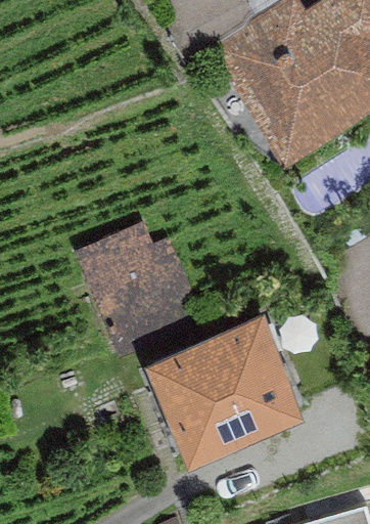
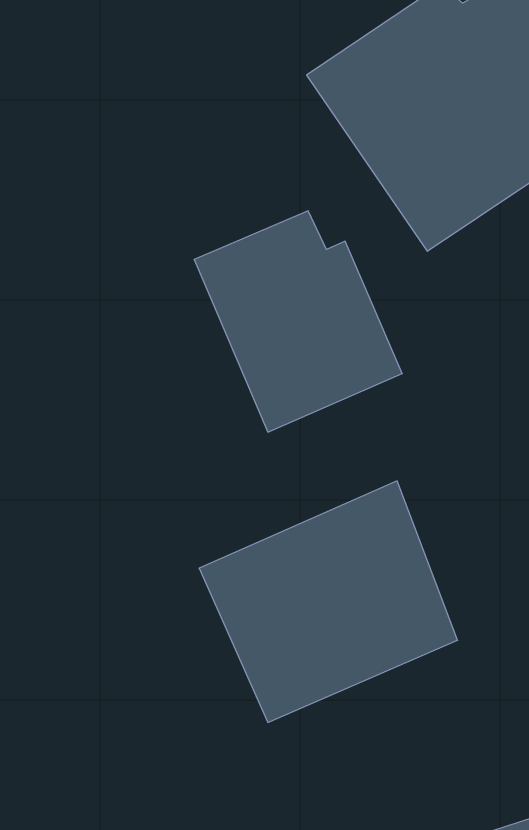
building: [76,227,202,362] -> [194,211,402,432]

